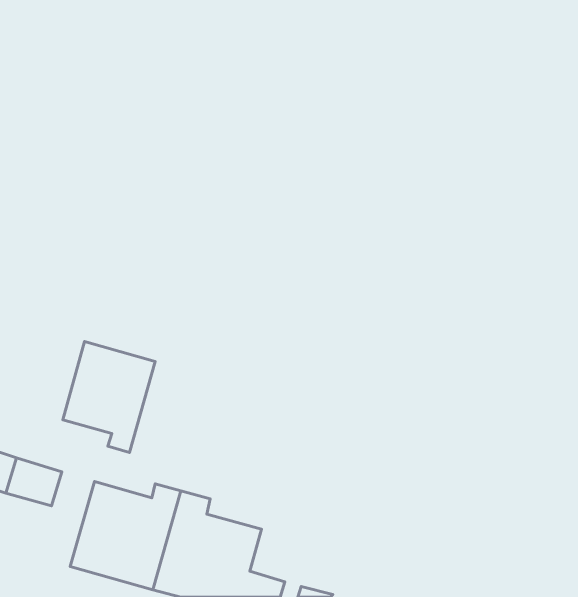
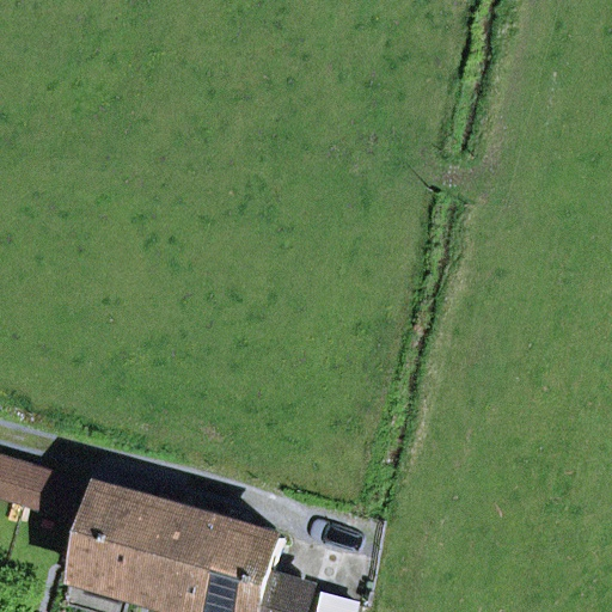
building: [63,341,155,452] -> none

